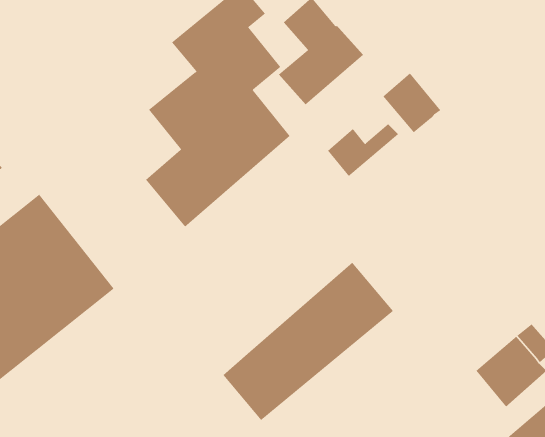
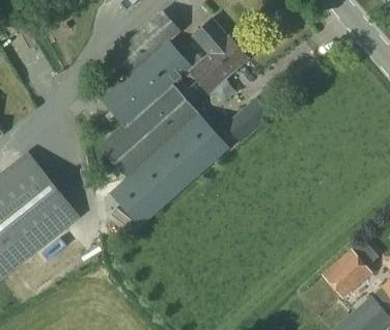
building: [382,72,441,133] -> none
building: [223,262,394,421] -> [111,113,227,221]

